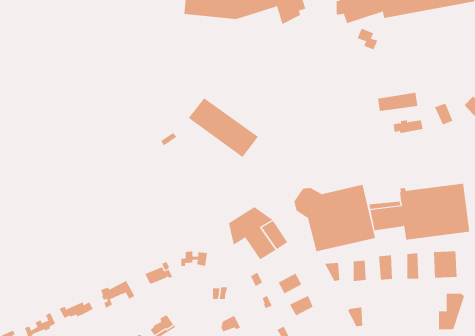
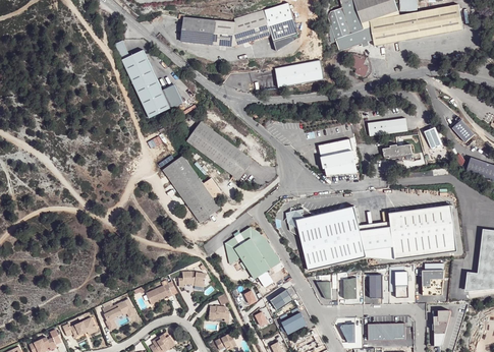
building: none -> [114,41,183,118]
building: none -> [274,60,323,89]
building: none -> [318,137,359,183]
building: none -> [164,156,220,223]
building: none -> [367,322,404,340]

